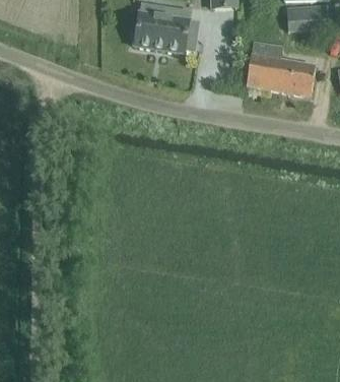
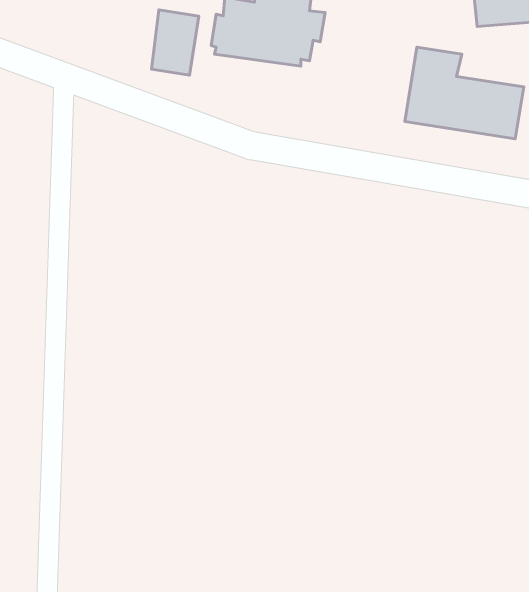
building: none -> [152,10,199,75]

